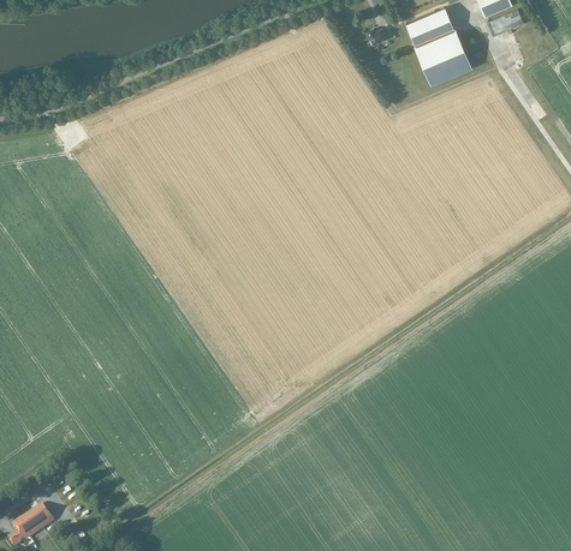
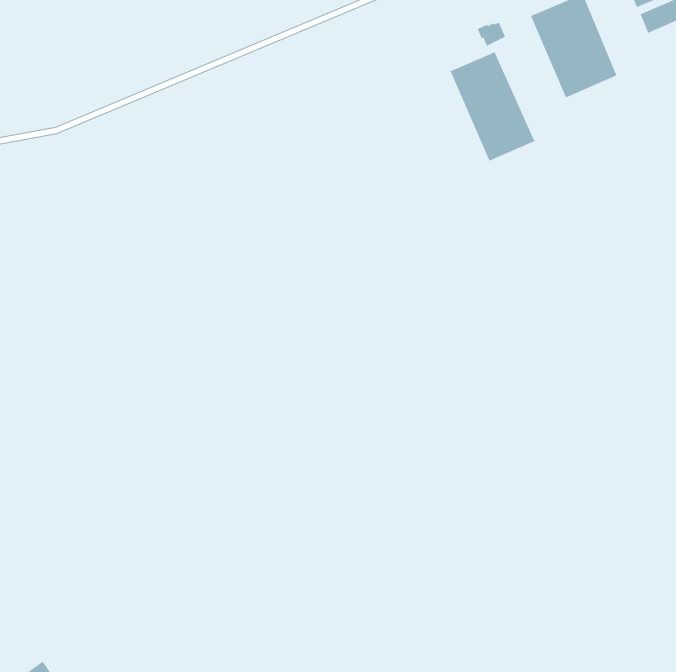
building: none -> [450,52,535,162]

